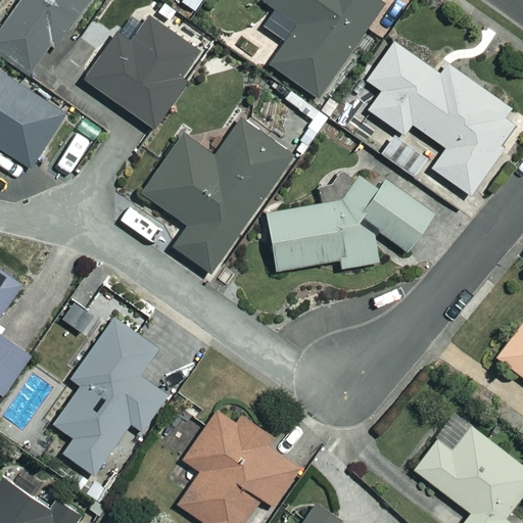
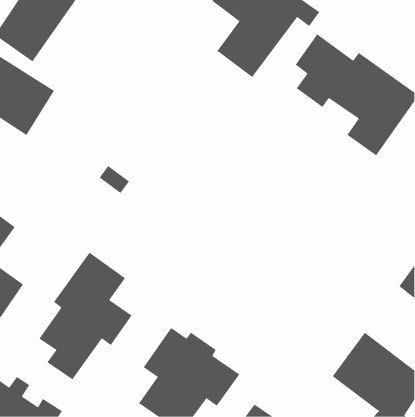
building: [86,15,203,126] -> none
building: [144,120,293,272] -> none
building: [269,176,436,270] -> none

